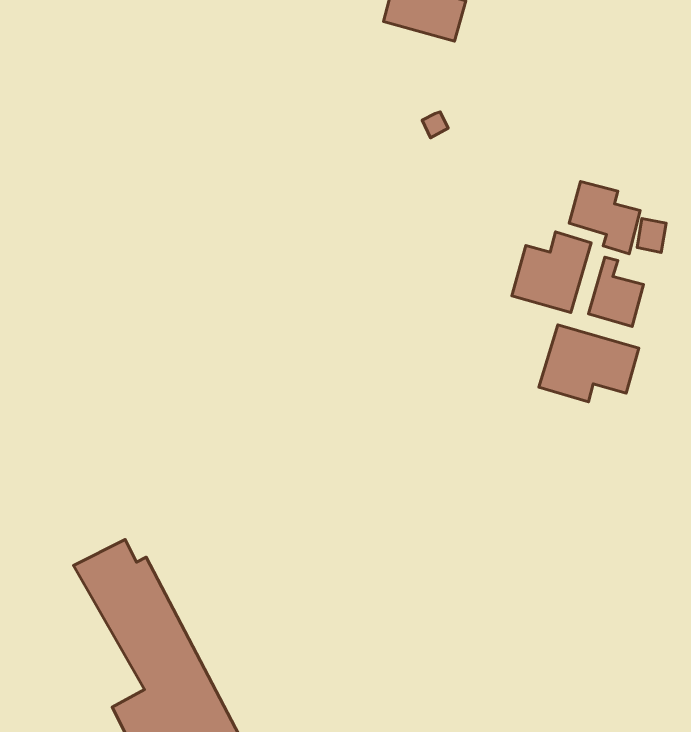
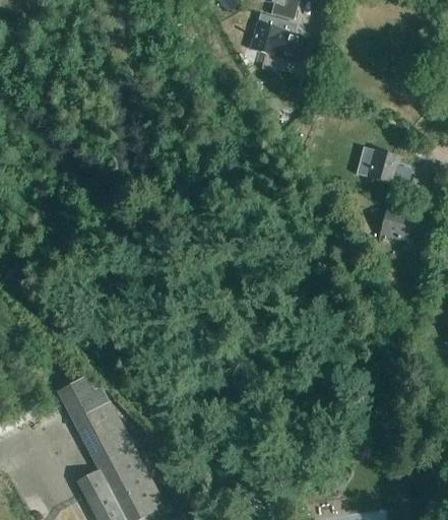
building: [512,232,591,312] -> none
building: [539,325,639,402] -> none

